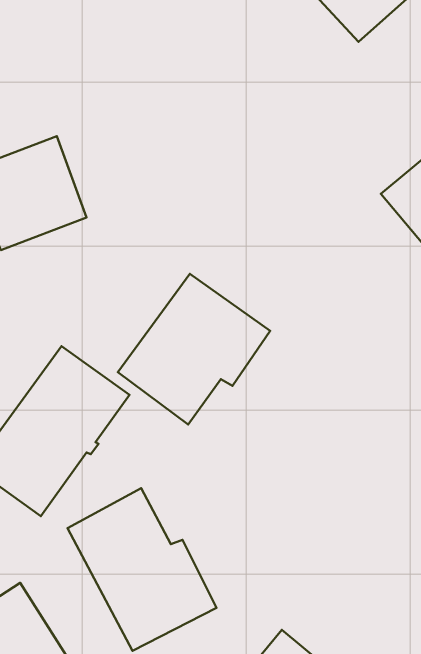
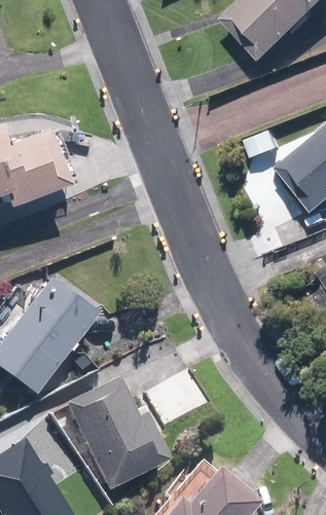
building: [118,274,270,424] -> none

